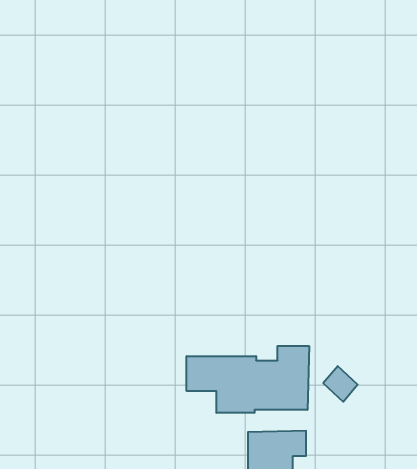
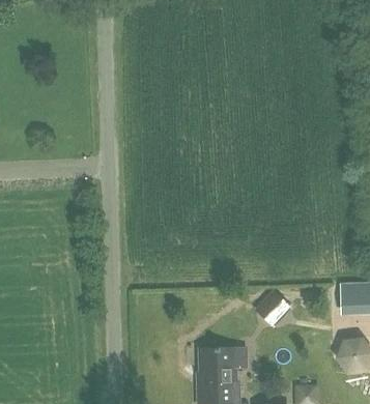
building: [187,346,309,413] -> none

